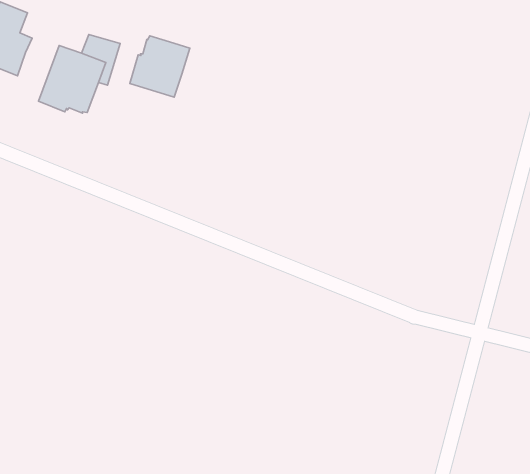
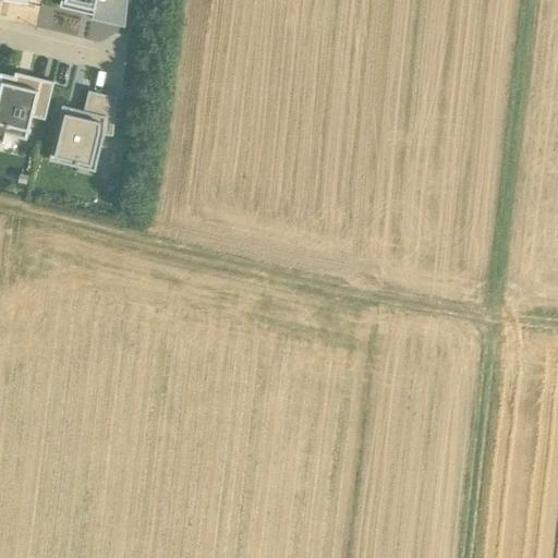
building: none -> [23,74,53,119]
building: [130,36,190,97] -> none

